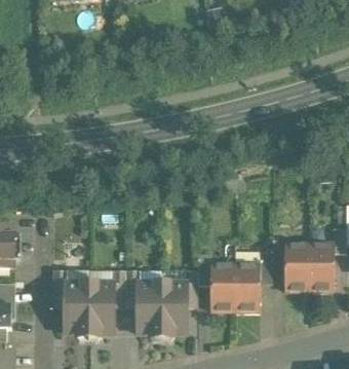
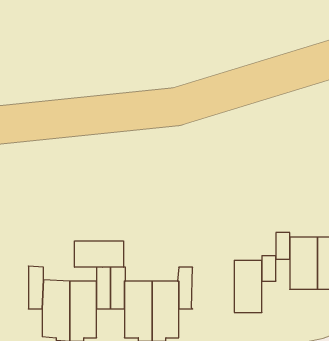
building: none -> [75,241,123,267]
building: [210,264,235,310] -> none

